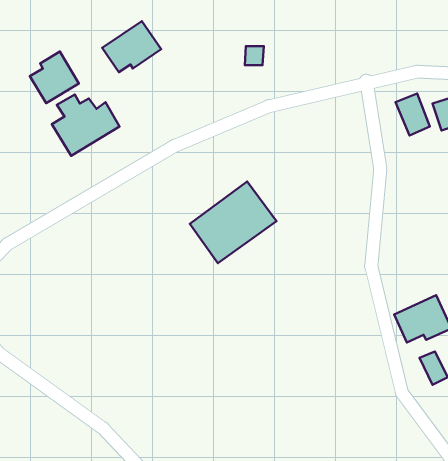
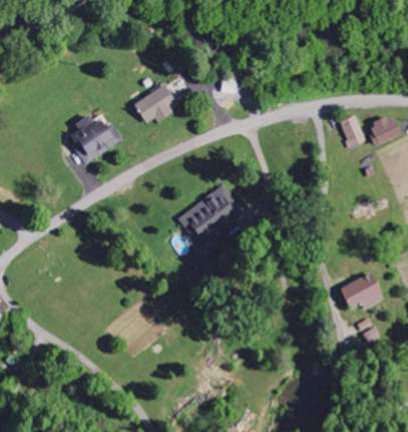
building: [102,21,161,72] -> [131,84,177,124]
building: [30,52,79,103] -> none

